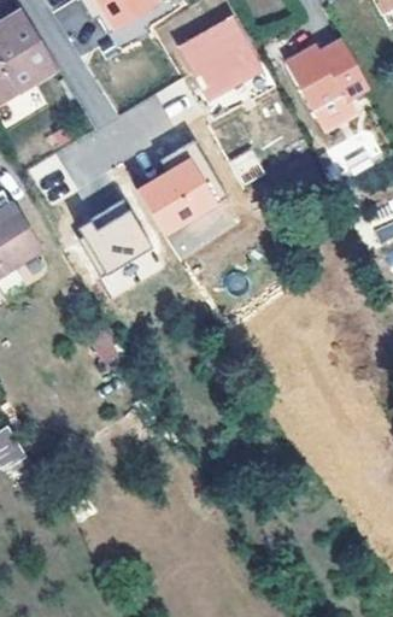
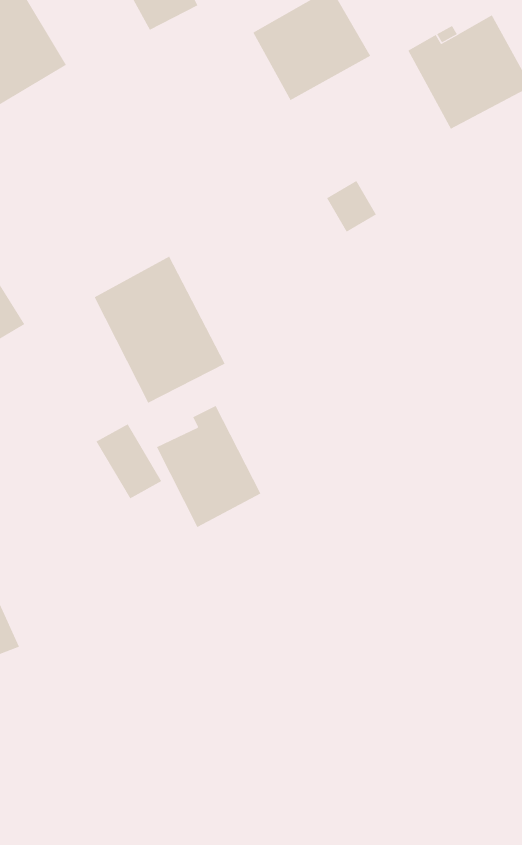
building: [136,147,221,235] -> none
building: none -> [156,405,261,528]

